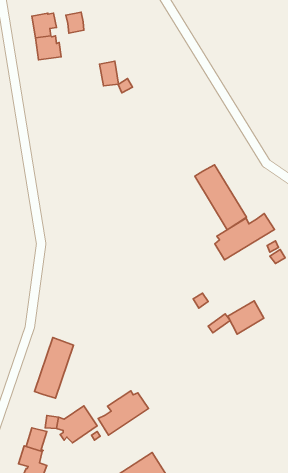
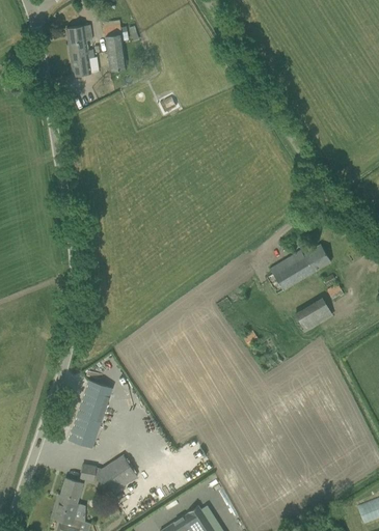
building: [100,61,119,86] -> [107,44,128,71]
building: [195,165,246,230] -> none
building: [228,301,264,334] -> [294,297,333,333]
building: [98,391,148,435] -> none

